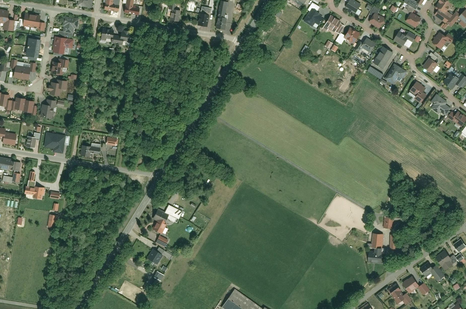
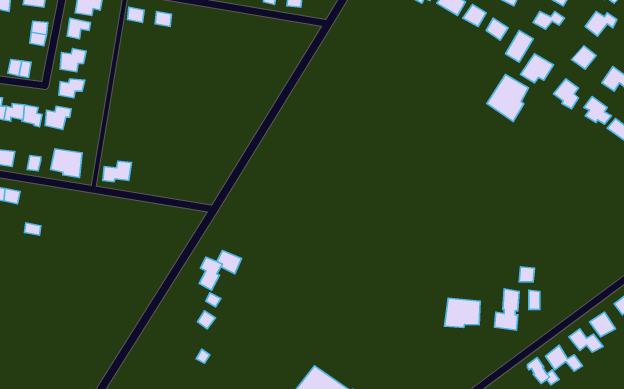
building: none -> [487,75,529,122]
building: none -> [445,298,480,328]

